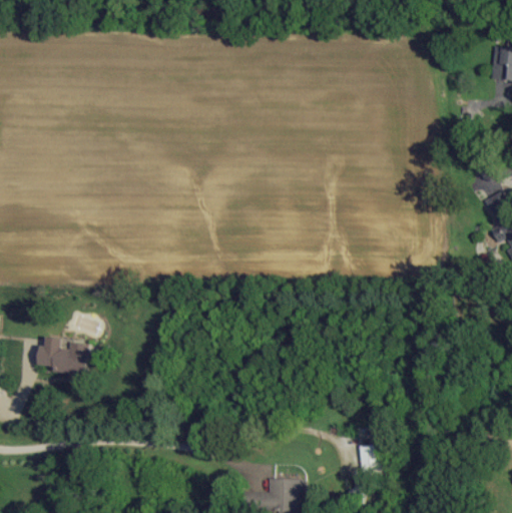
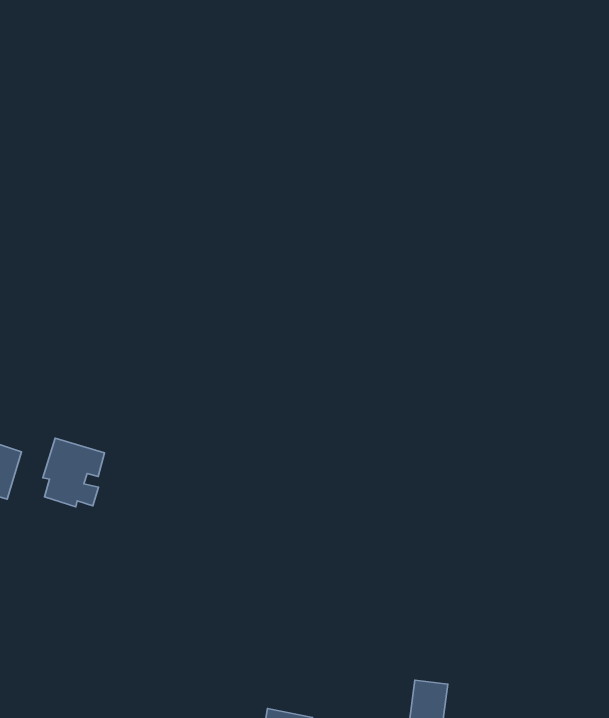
building: none -> [43,438,104,507]

